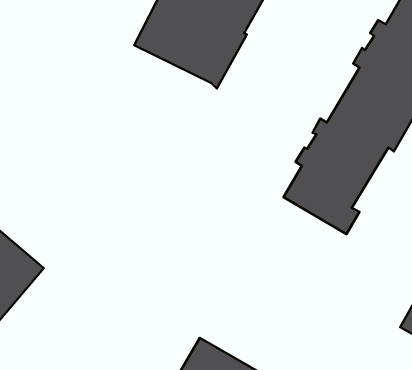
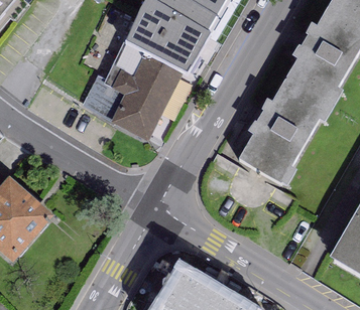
building: none -> [82,42,183,140]

